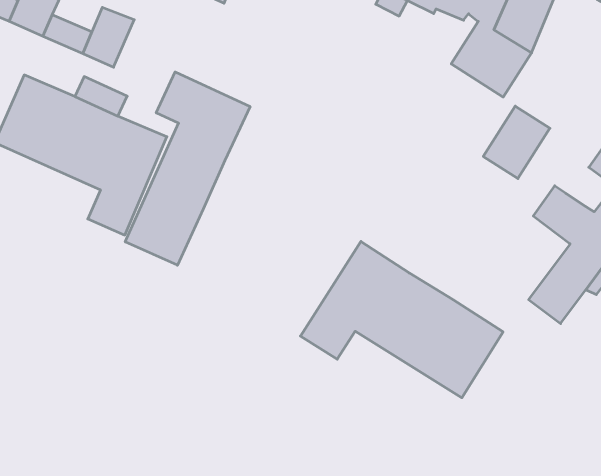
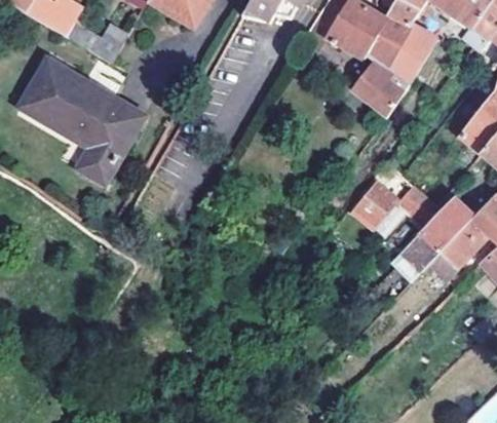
building: [125,72,250,265] -> none
building: [483,106,550,179] -> [350,179,399,230]
building: [300,241,503,398] -> none

